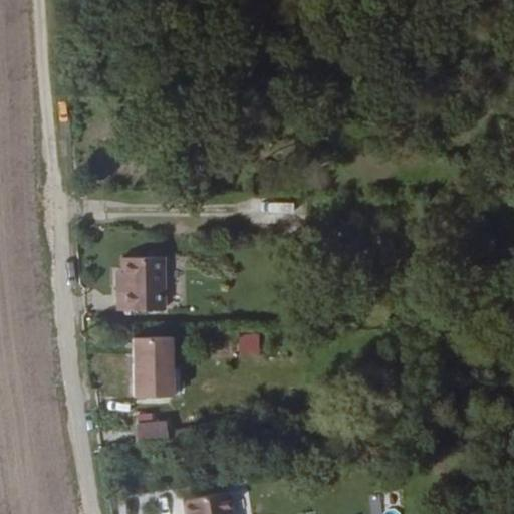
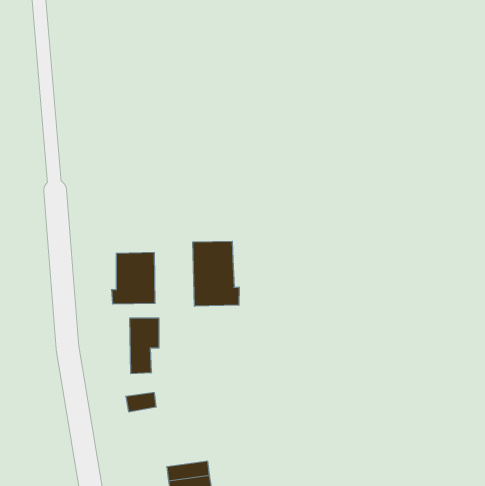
building: none -> [193,241,239,306]

